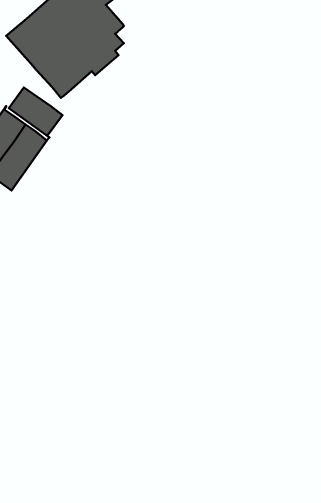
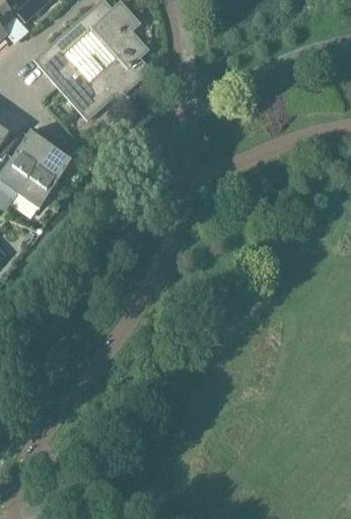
building: [9,88,62,138] -> none

